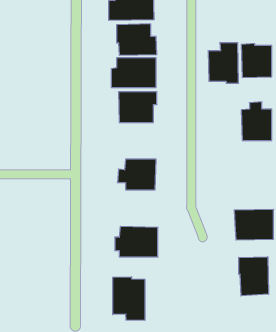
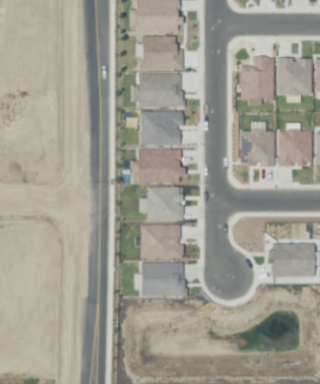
building: none -> [241,121,275,166]
building: none -> [131,149,185,181]
building: none -> [140,224,184,259]
building: [239,257,269,296] -> none
building: [113,277,145,320] -> none

